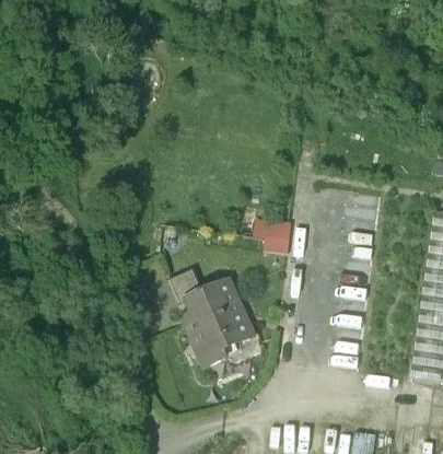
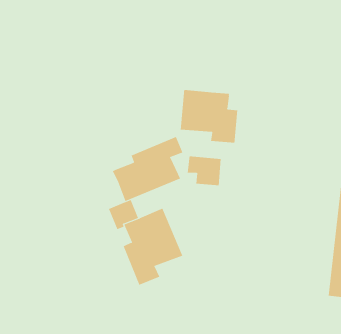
building: none -> [180,89,238,144]
building: none -> [112,136,183,202]

